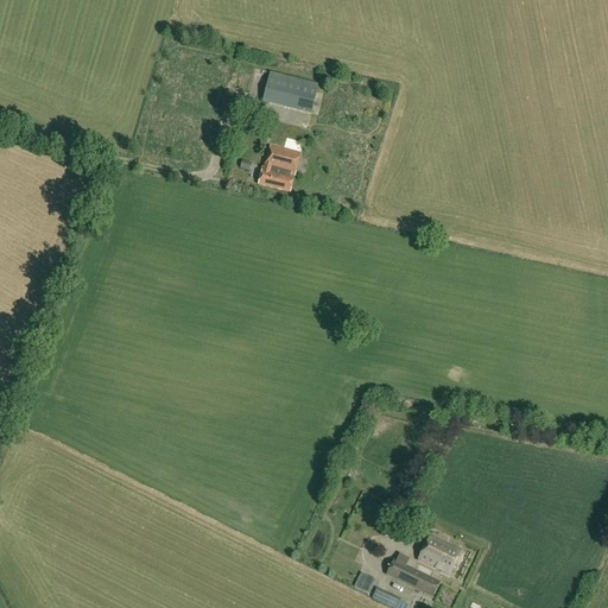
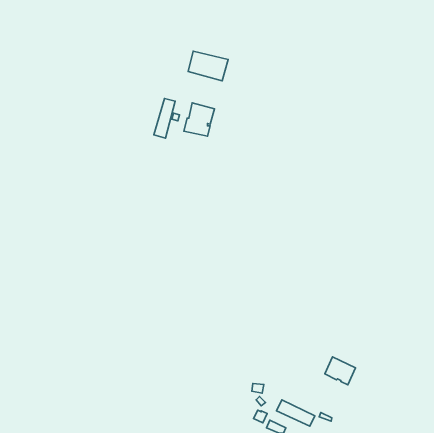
building: none -> [154,99,175,138]
building: [418,534,461,574] -> [325,357,355,385]

